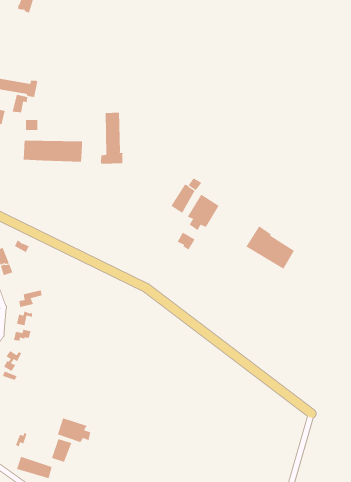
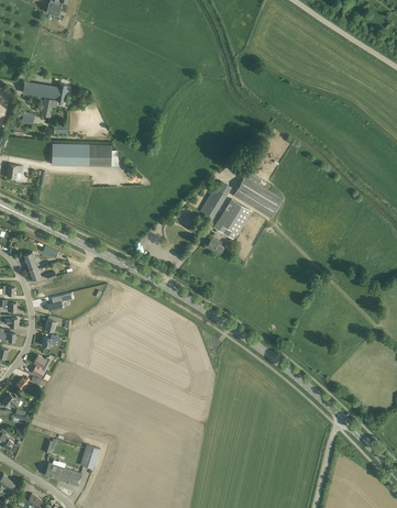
building: [100,112,123,165] -> none
building: [246,226,295,269] -> [233,174,283,218]
building: [57,417,91,443] -> none

